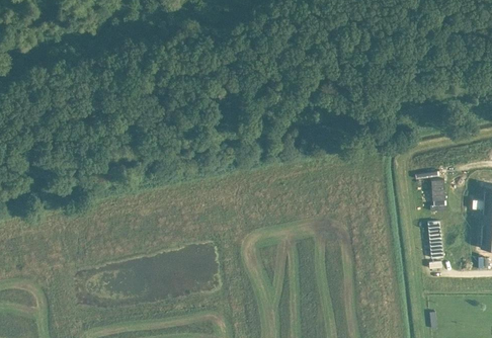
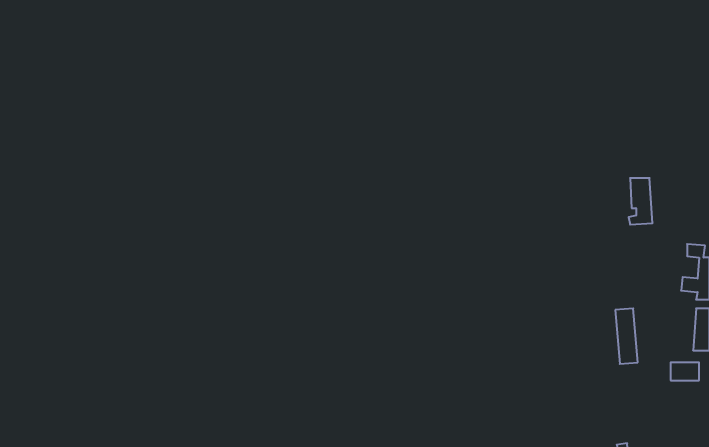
building: [429,179,445,210] -> [629,178,653,225]

